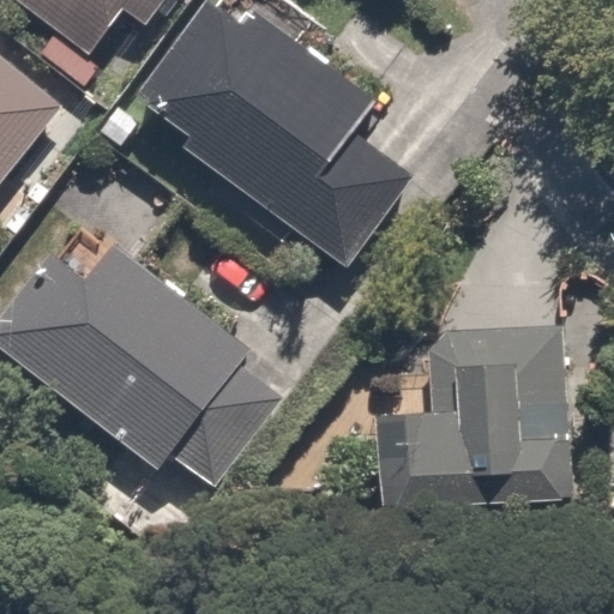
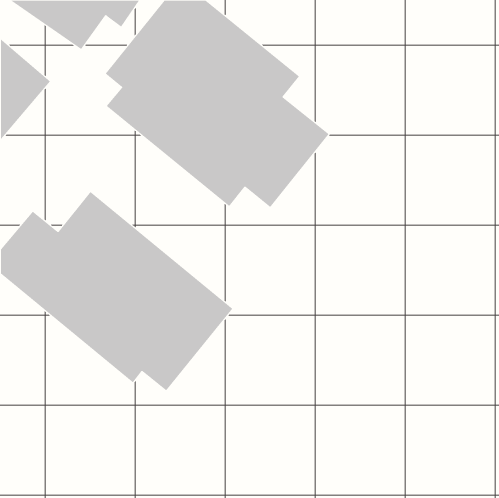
building: [384,336,566,506] -> none

